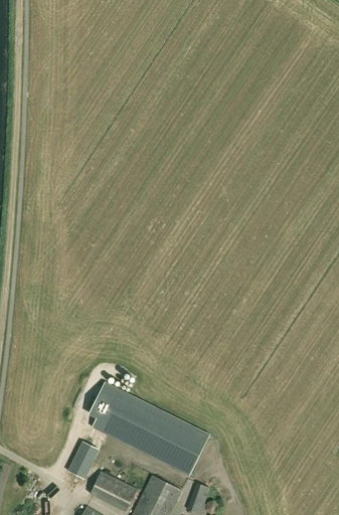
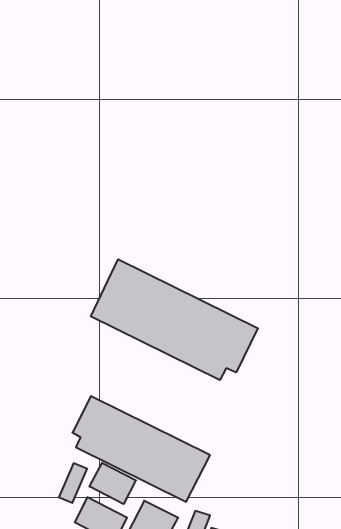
building: none -> [91,259,258,380]
building: none -> [89,463,136,504]

